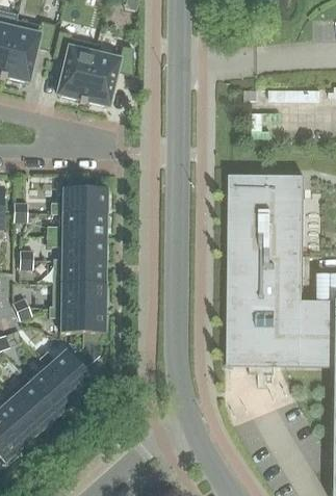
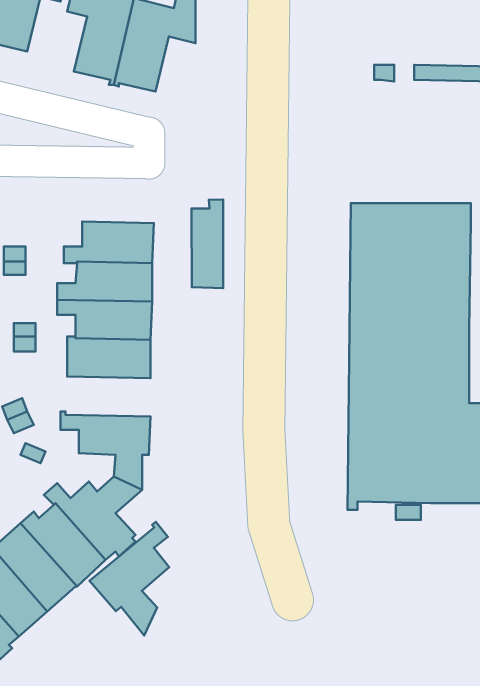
building: none -> [191,200,223,288]
building: [51,284,104,309] -> none
building: none -> [90,522,169,636]

